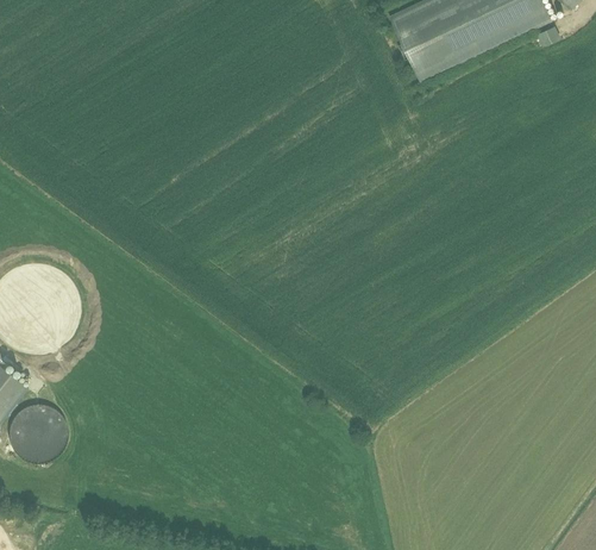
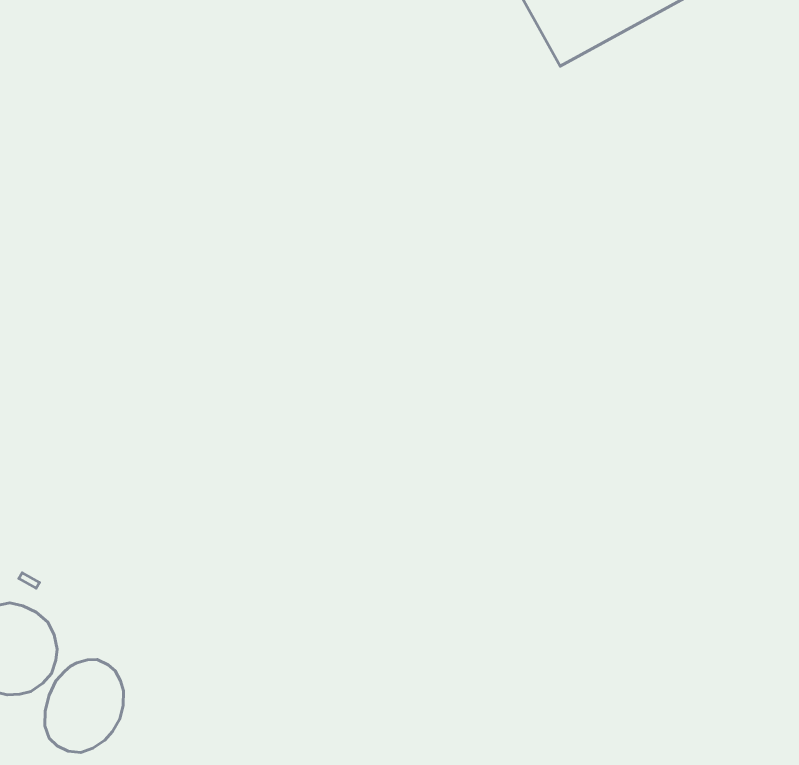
building: none -> [45,660,124,752]

